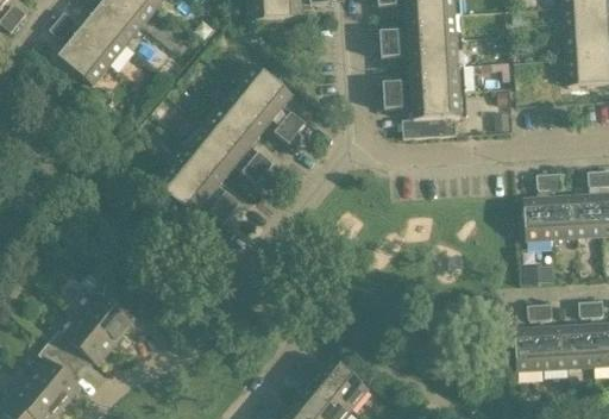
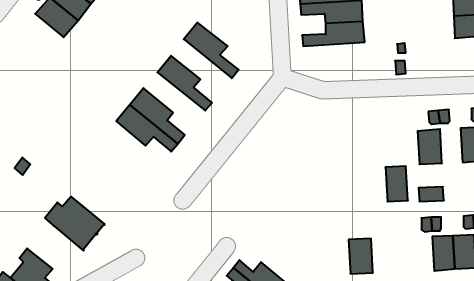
building: [224,87,297,144] -> none
building: [384,90,460,138] -> none
building: [190,127,265,185] -> none
building: [551,195,578,238] -> [385,166,408,202]
building: [49,314,117,367] -> none
building: [514,327,544,370] -> [349,239,373,274]

